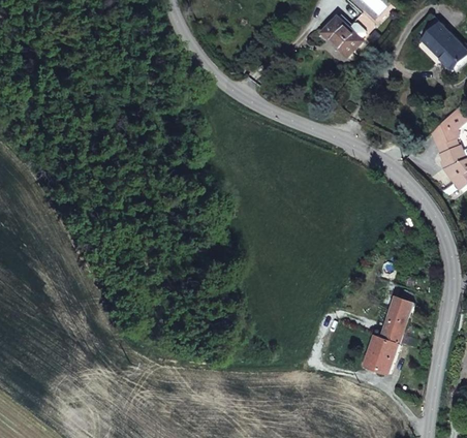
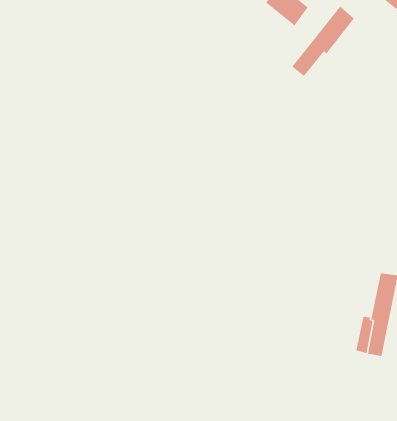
building: none -> [292,6,354,77]

